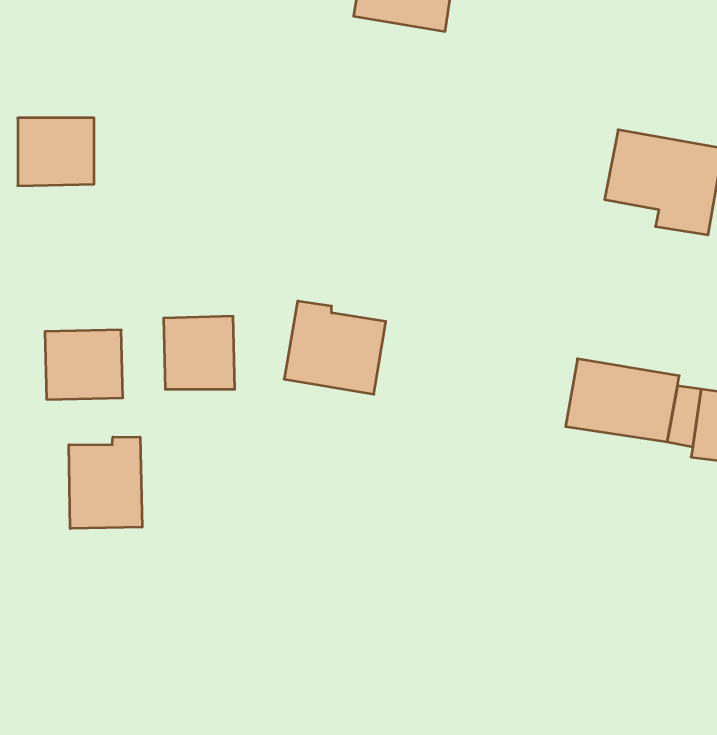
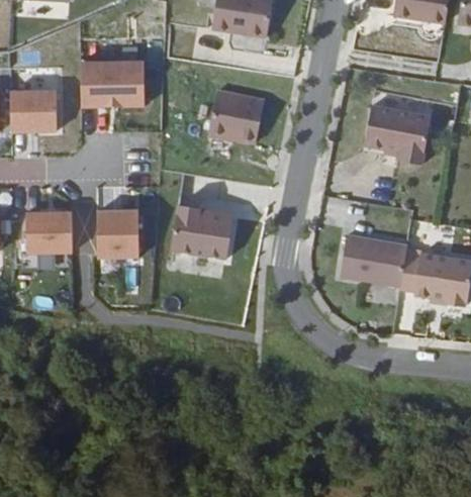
building: none -> [82,63,146,106]
building: none -> [209,93,265,144]
building: [69,437,142,529] -> none

